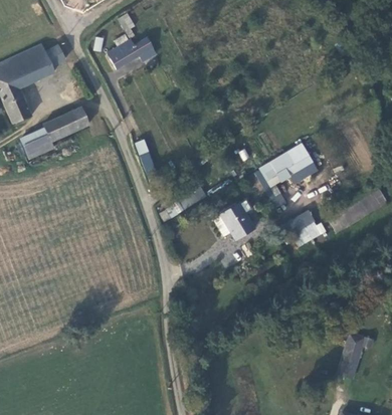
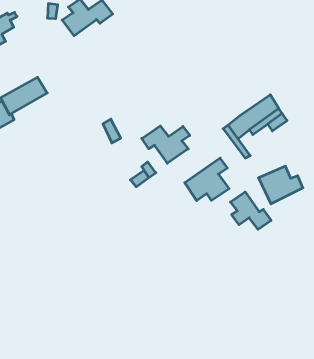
building: none -> [142,126,190,163]
building: none -> [230,192,271,229]

